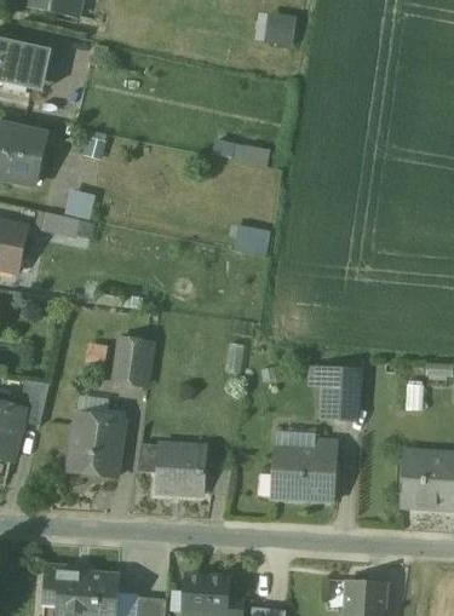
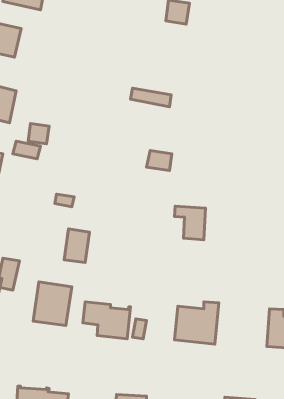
building: [312,370,357,419] -> [174,206,205,240]

